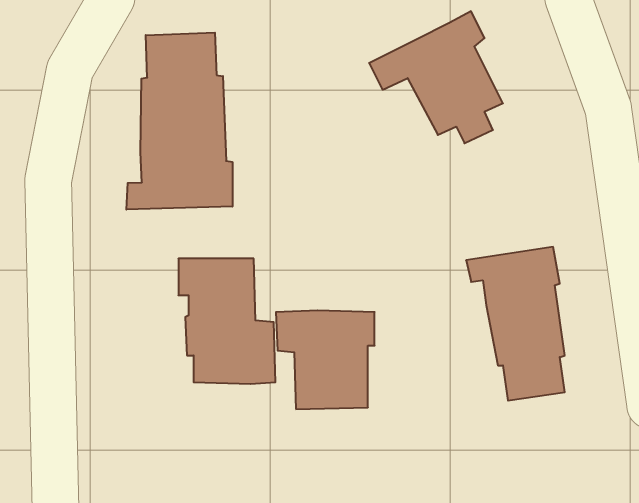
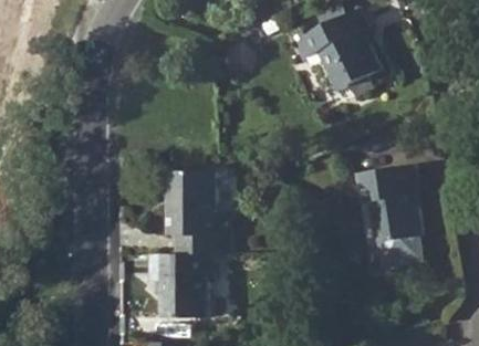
building: [126,33,232,210] -> none
building: [276,310,375,409] -> [146,253,211,318]

